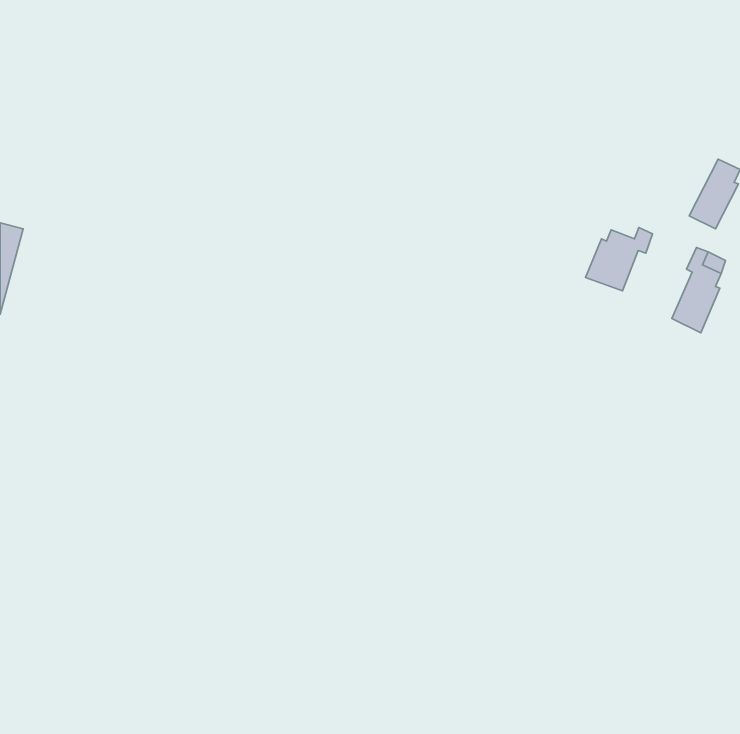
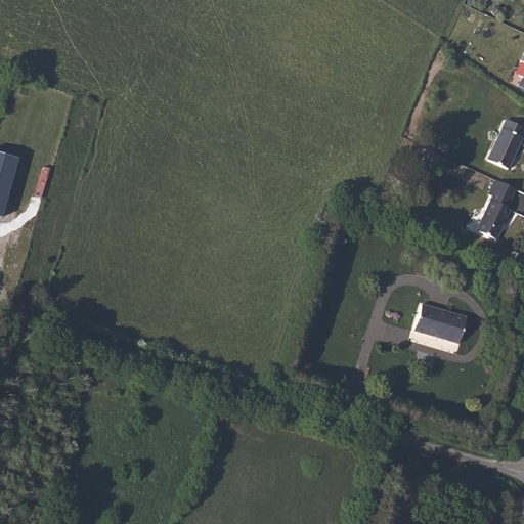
building: [585,227,653,291] -> none
building: none -> [416,305,469,345]

